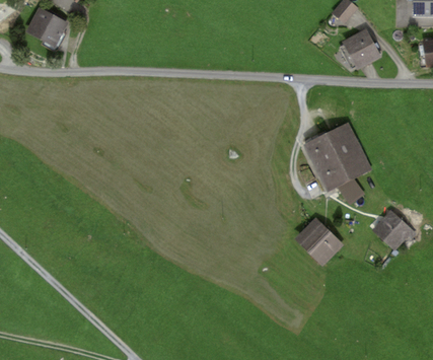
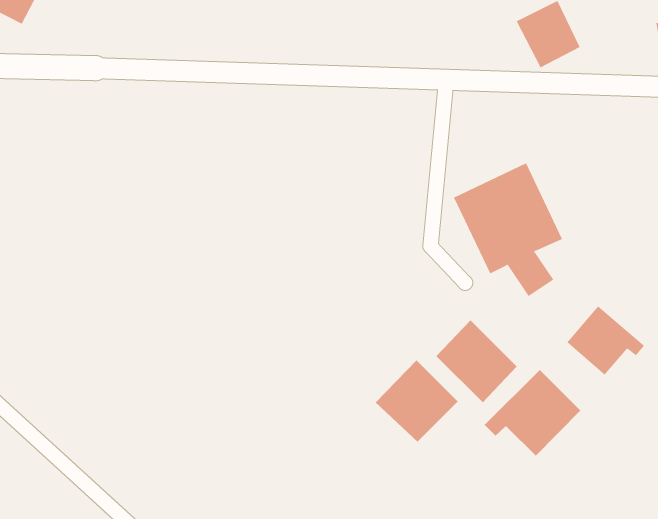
building: none -> [375,360,459,442]
building: none -> [484,369,581,456]

